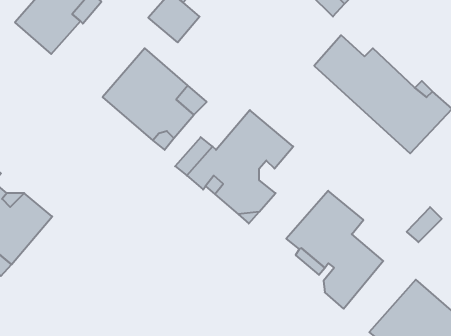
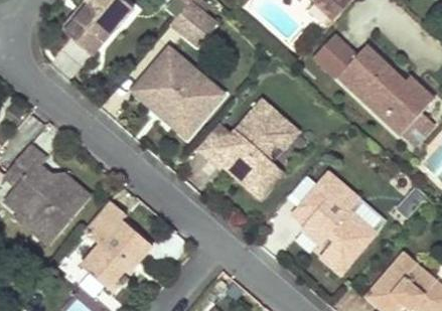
building: none -> [81,198,152,291]

